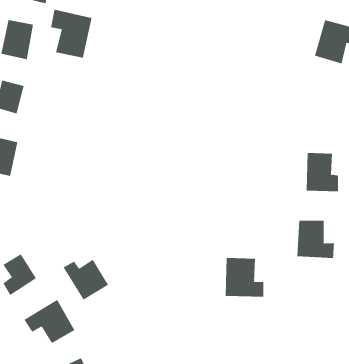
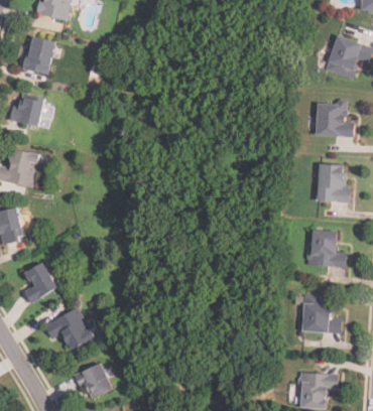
building: [51,9,92,59] -> none
building: none -> [316,101,353,136]
building: [225,258,264,297] -> [302,294,341,332]
building: [63,259,109,301] -> none

